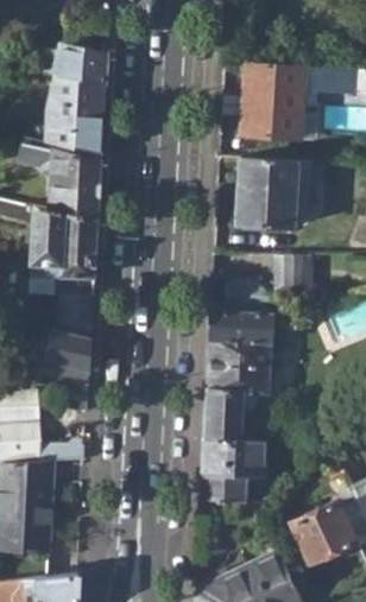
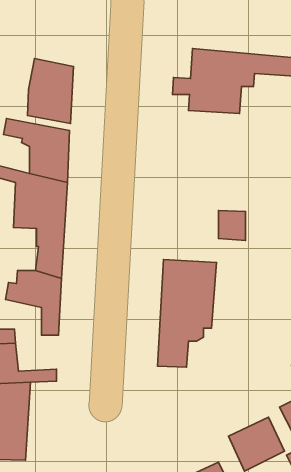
building: [44,47,106,84] -> none
building: [238,160,310,228] -> none
building: [202,441,264,501] -> none

